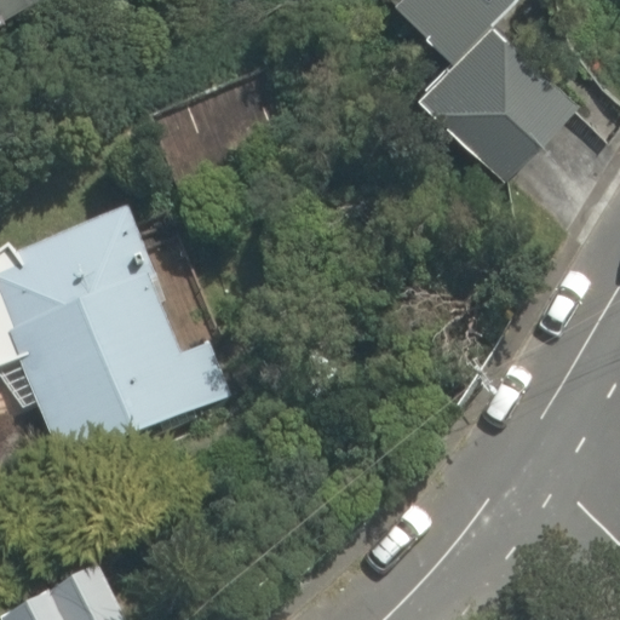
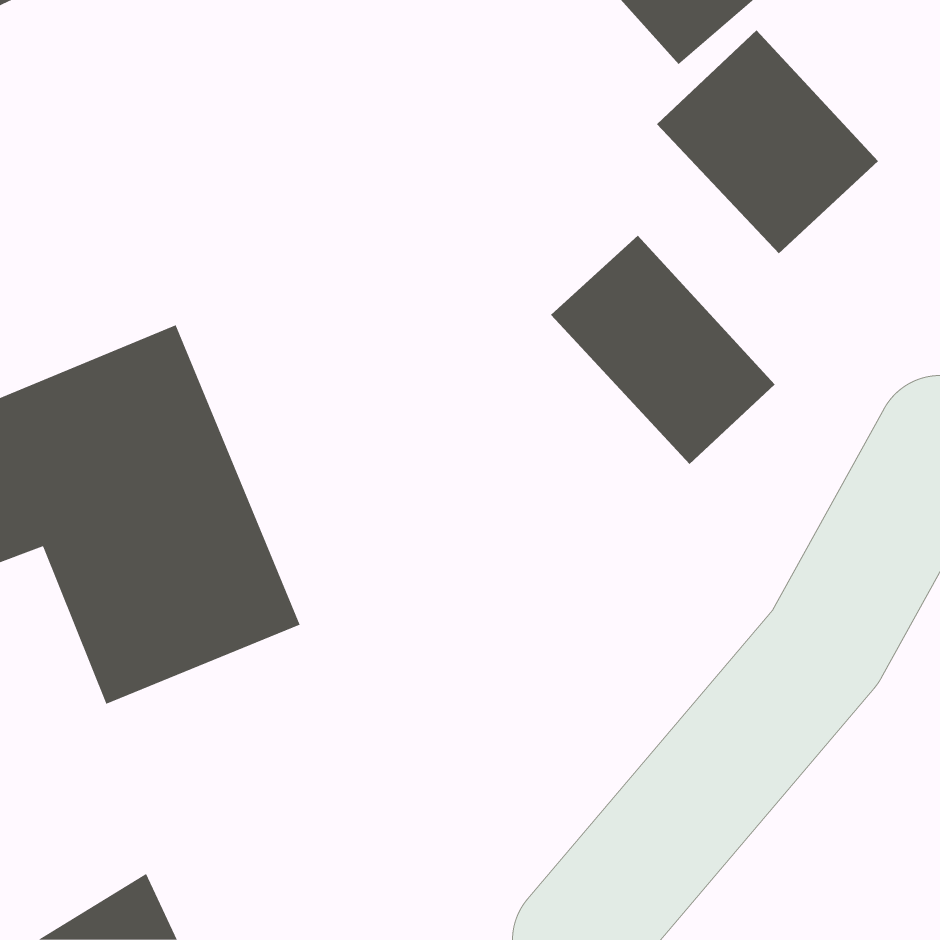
building: none -> [550,235,776,465]

